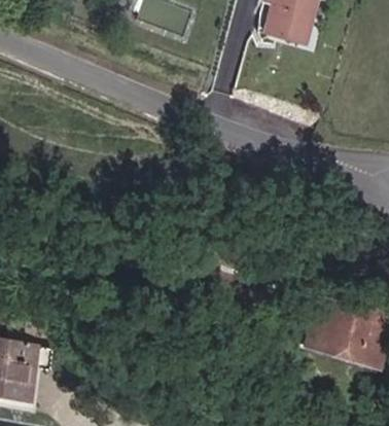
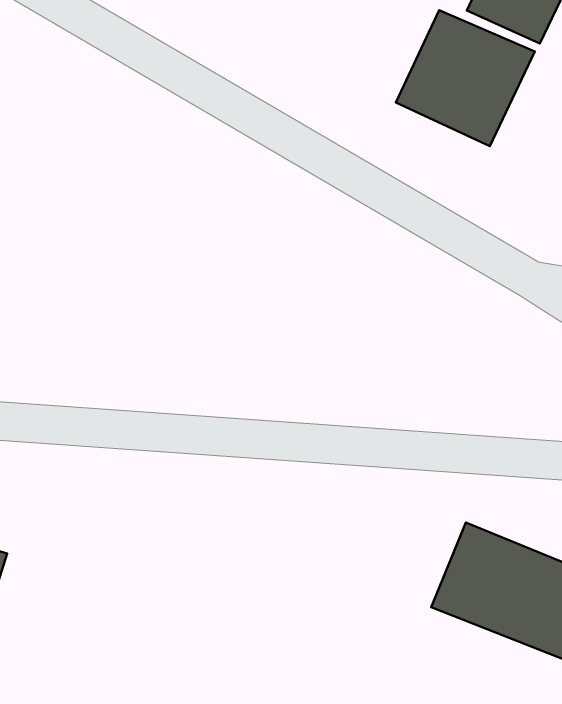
building: none -> [396,10,535,146]

